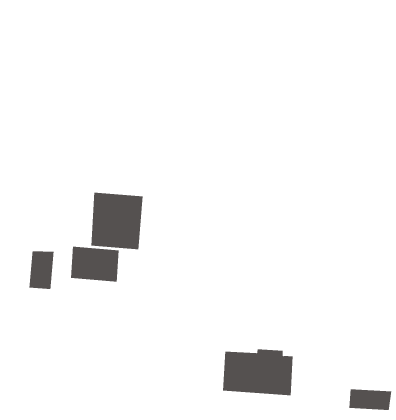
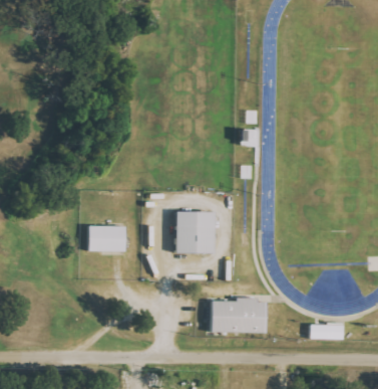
building: [90,192,143,250] -> [175,211,215,254]
building: [29,250,54,290] -> none

